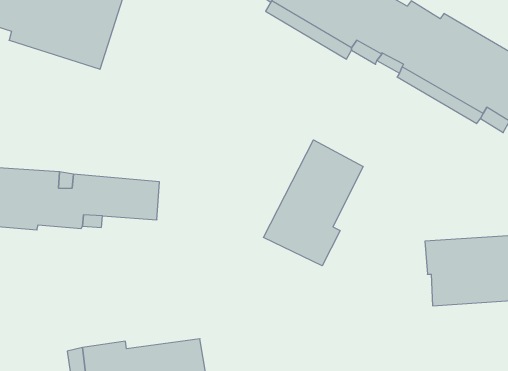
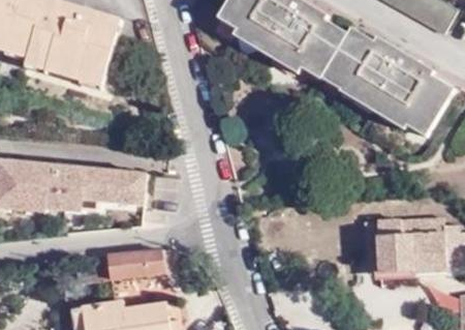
building: [263,140,363,266] -> none
building: none -> [87,253,163,282]

